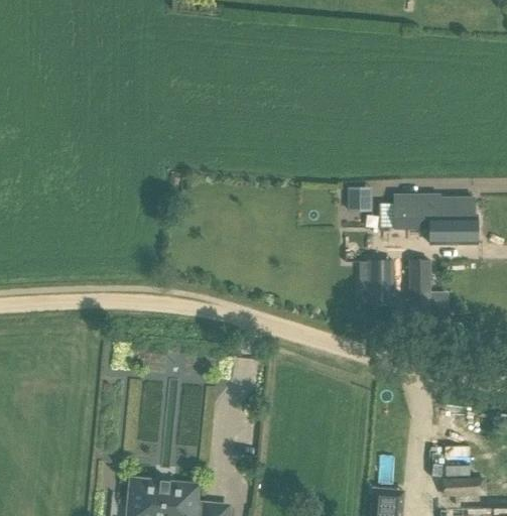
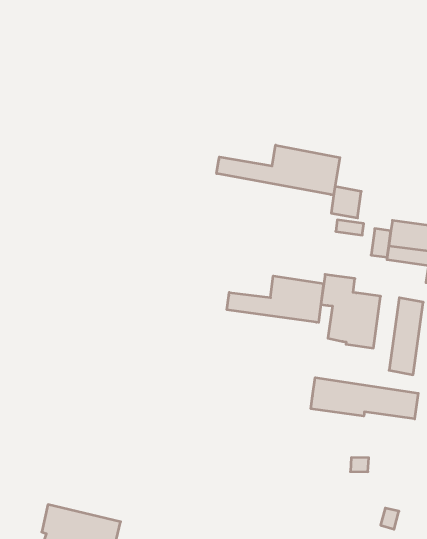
building: none -> [217,145,340,195]
building: none -> [227,276,324,322]
building: none -> [311,378,418,419]

